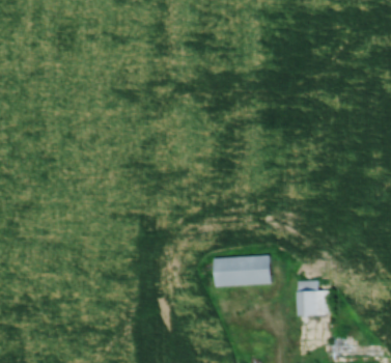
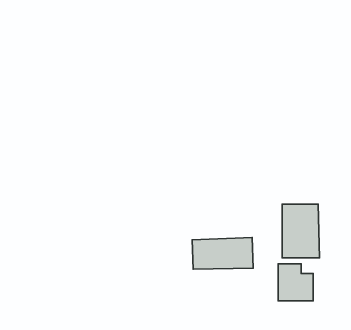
building: none -> [282,204,319,258]

